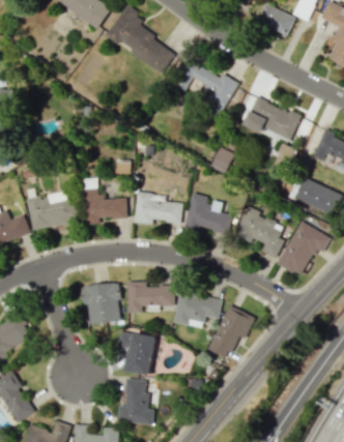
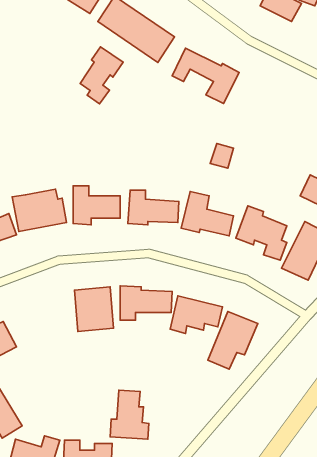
building: none -> [80,47,123,104]
building: [243,97,299,143] -> none
building: [117,332,155,376] -> none

